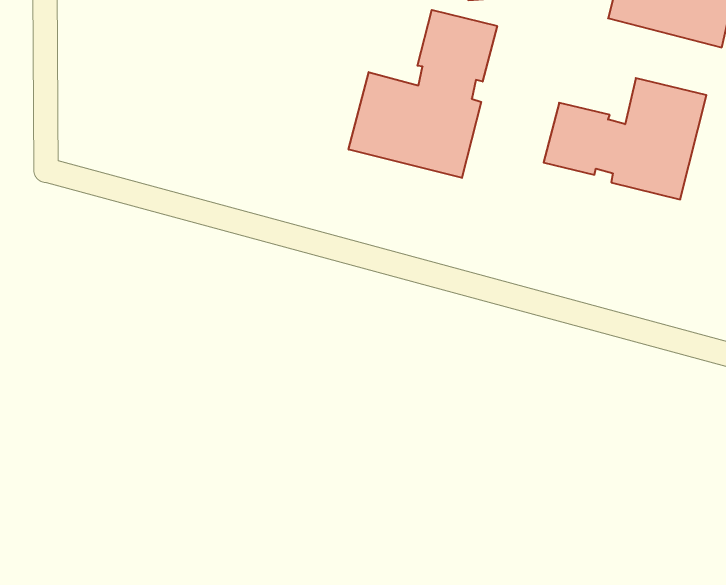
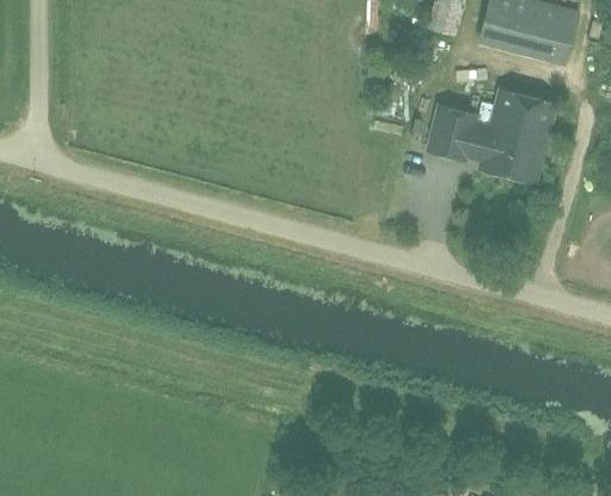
building: [349,10,497,178] -> none

